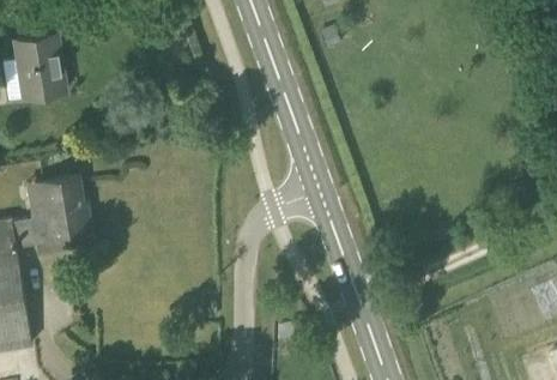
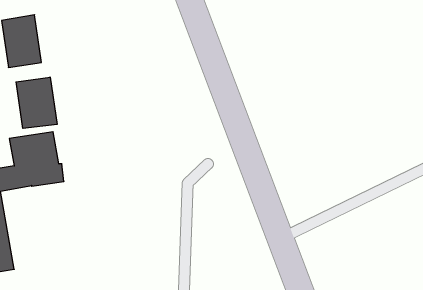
building: none -> [16,77,57,128]

